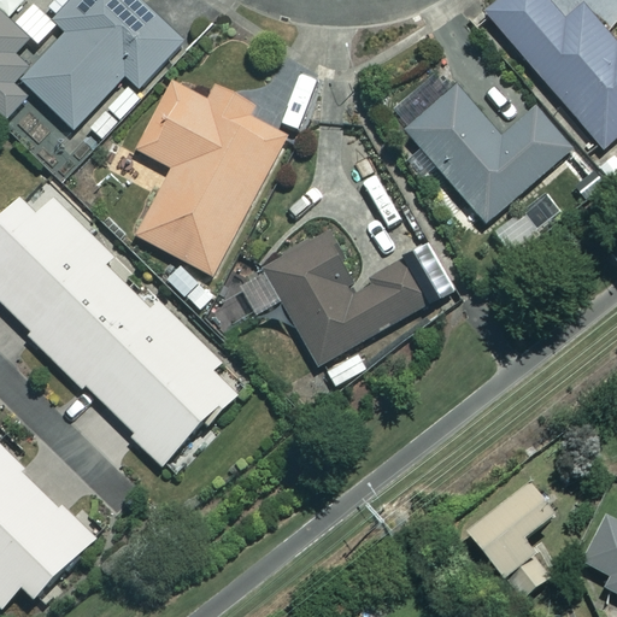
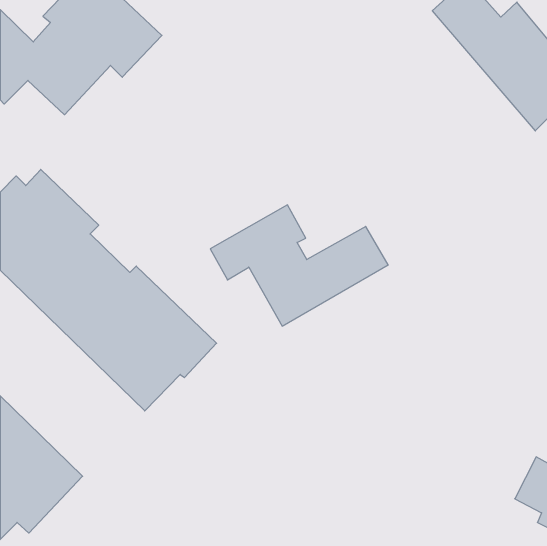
building: [136,81,284,275] -> none
building: [405,86,571,222] -> none
building: [465,482,552,600] -> none

